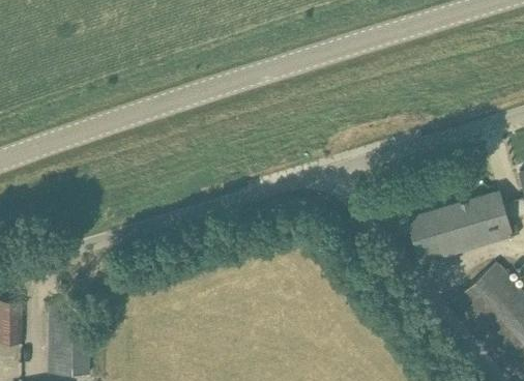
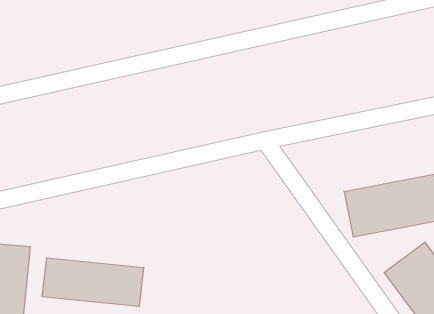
building: none -> [42,258,144,307]

